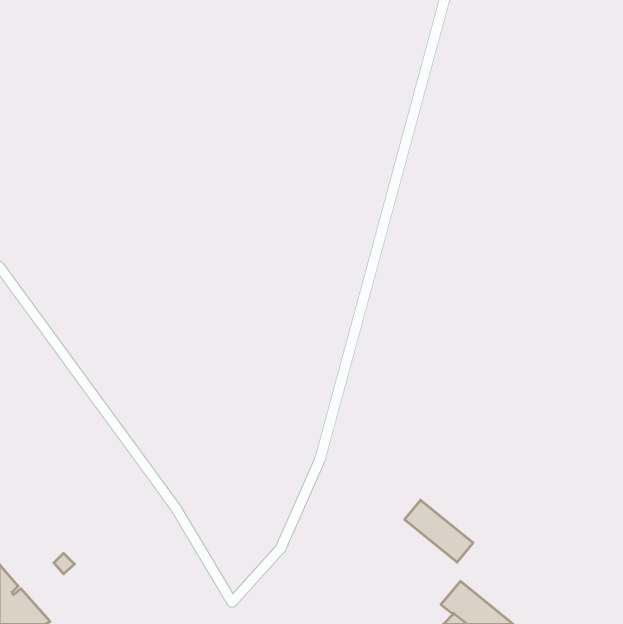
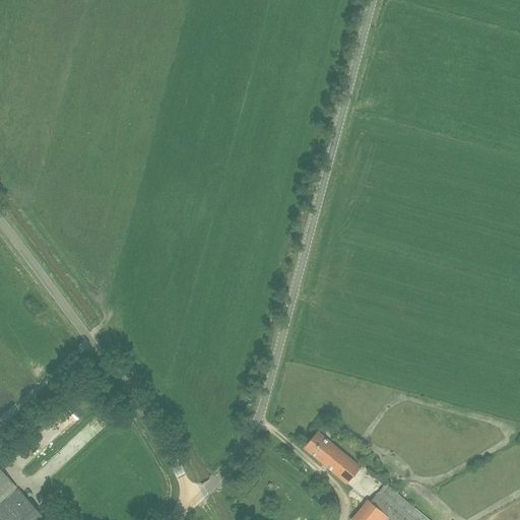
building: [405,500,473,562] -> [303,433,360,484]

